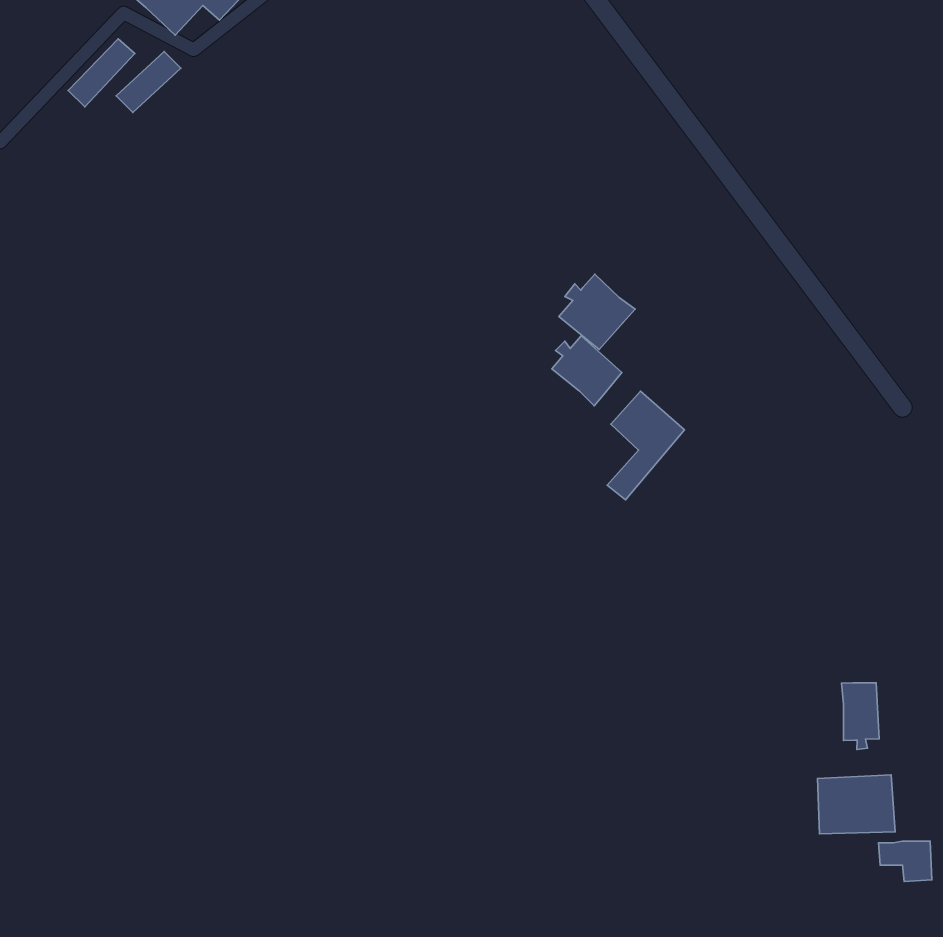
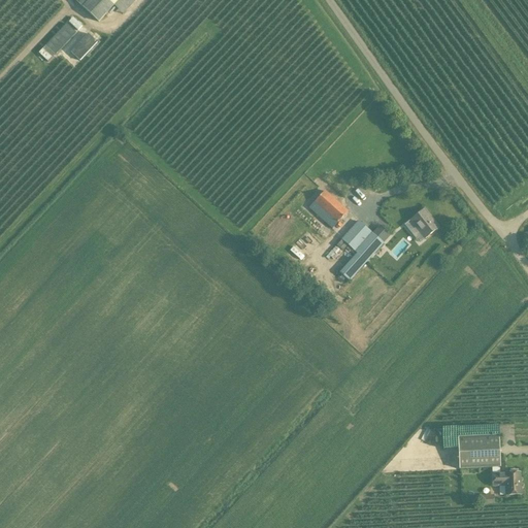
building: [559,274,635,349] -> none
building: none -> [410,206,438,236]
building: [842,683,879,749] -> none

